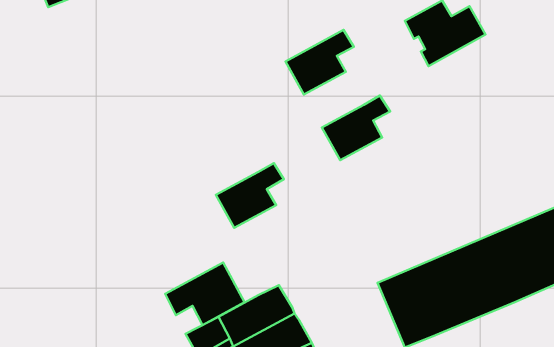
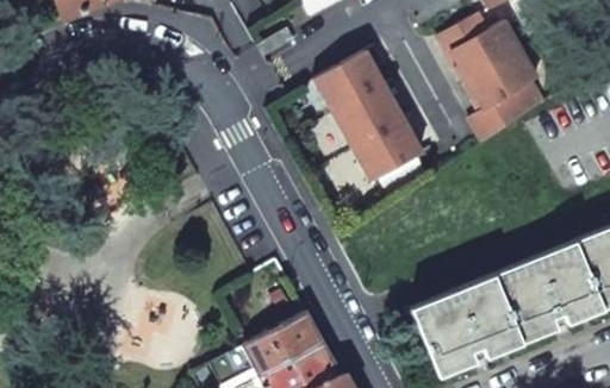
building: none -> [463,49,544,138]
building: [216,163,284,228] -> [332,79,404,146]
building: [165,263,244,325] -> none

